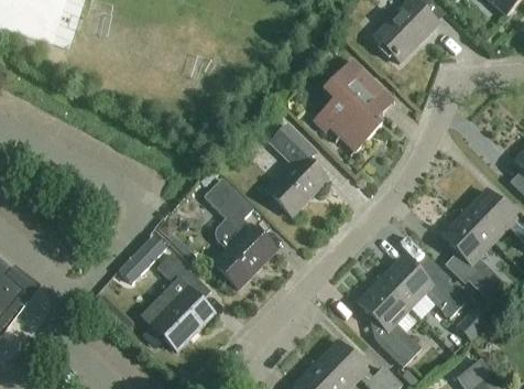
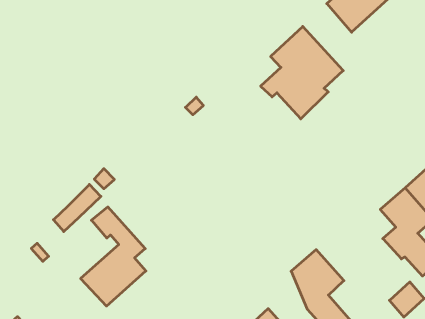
building: [266,123,326,215] -> none
building: [205,177,275,288] -> none
building: [380,255,466,320] -> none

